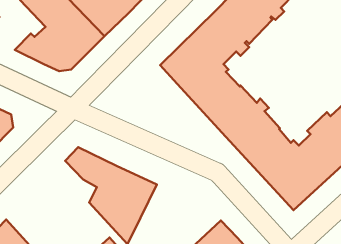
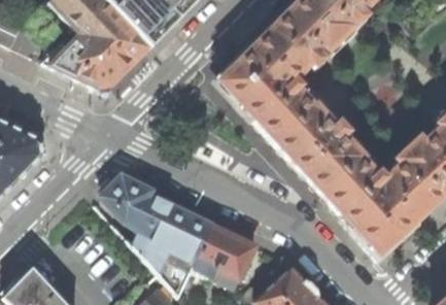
building: none -> [194,225,254,290]

